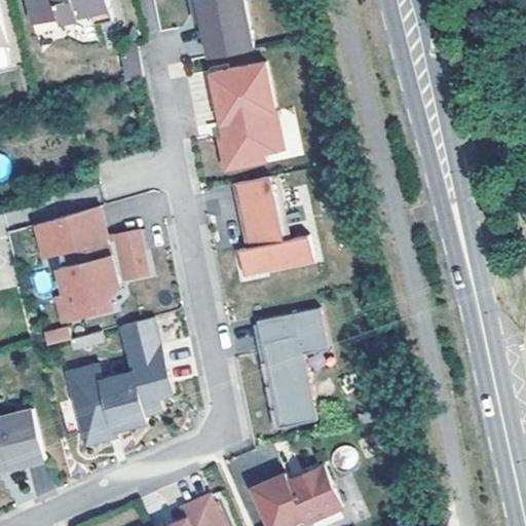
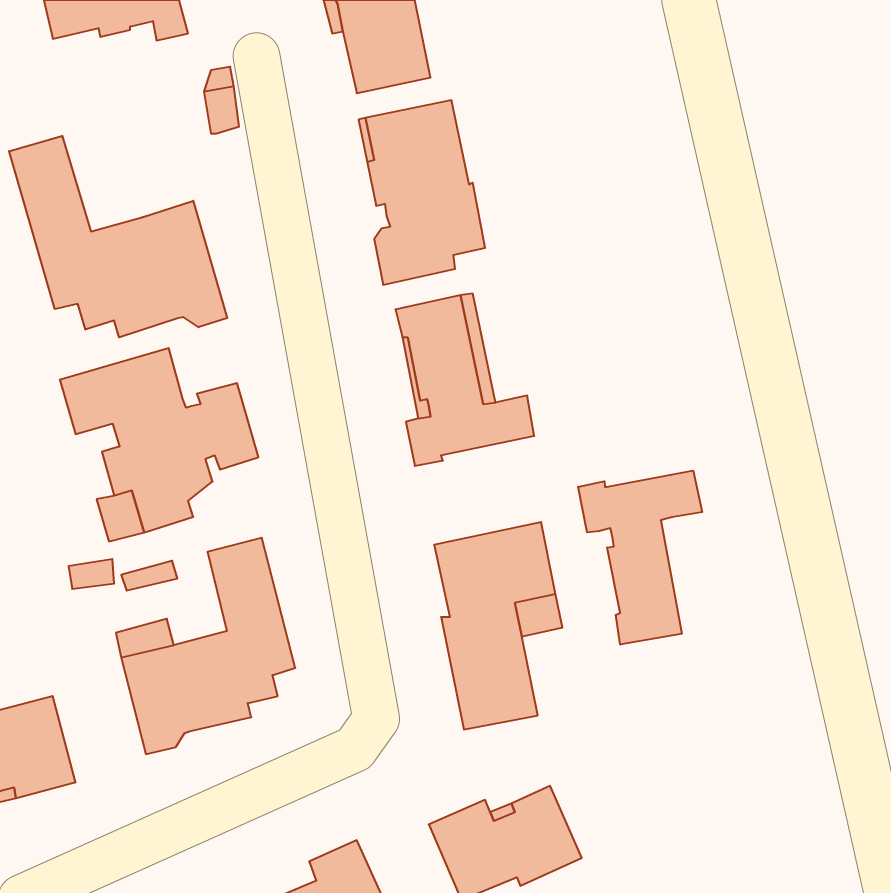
building: none -> [9,136,227,337]
building: none -> [578,471,702,645]

